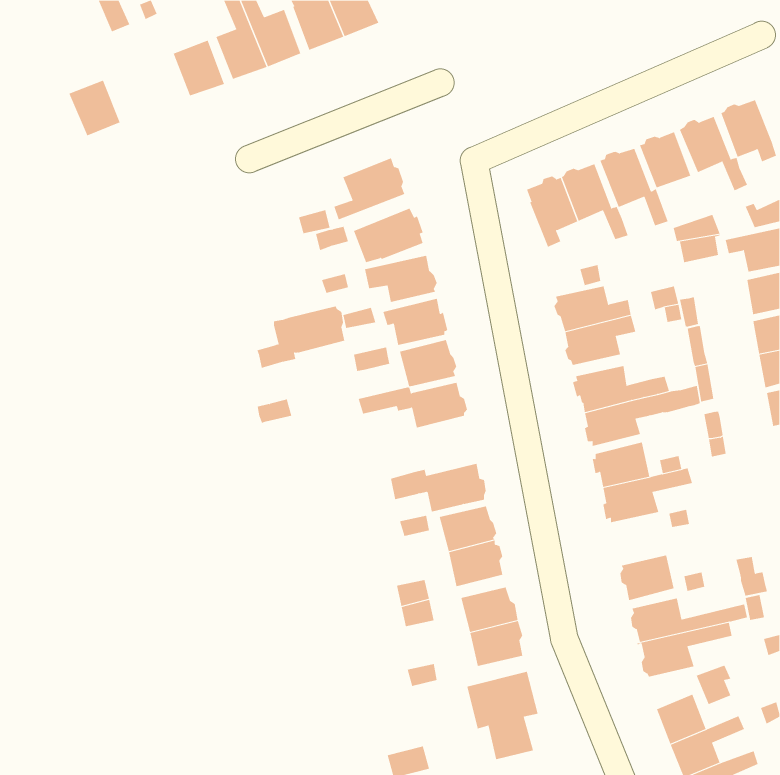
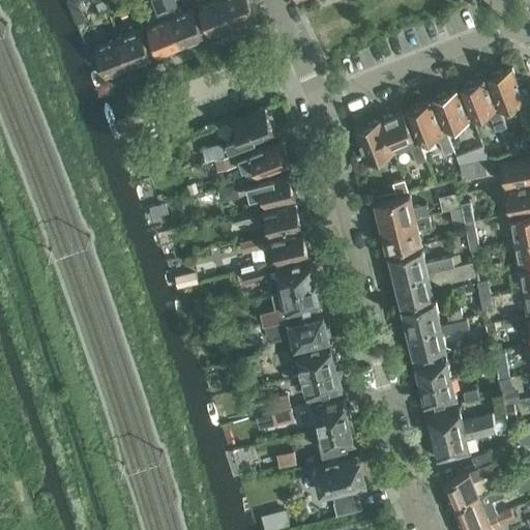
building: [68,80,120,136] -> [93,40,128,79]
building: [257,306,345,368] -> [261,286,321,328]
building: none -> [414,356,451,387]

